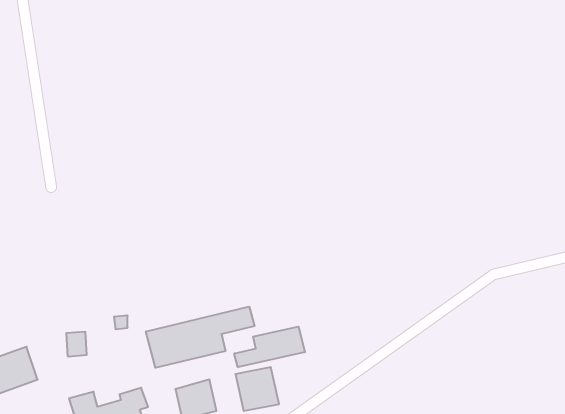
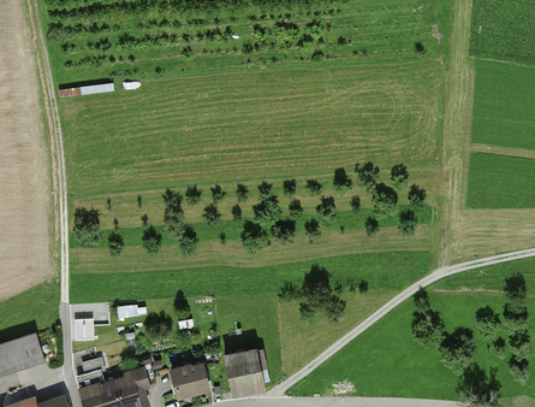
building: [146,307,255,368] -> none
building: [234,327,305,367] -> none

